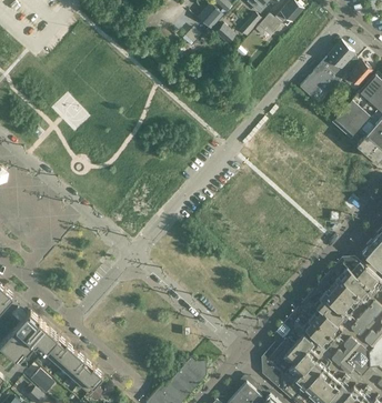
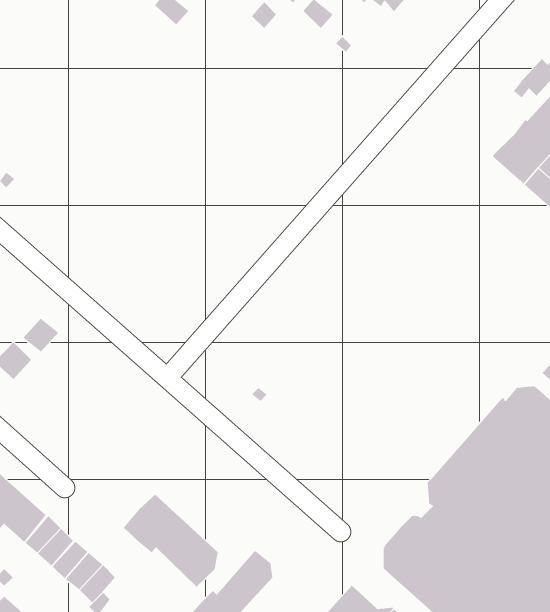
building: [299,42,356,104] -> none
building: none -> [123,494,219,588]

